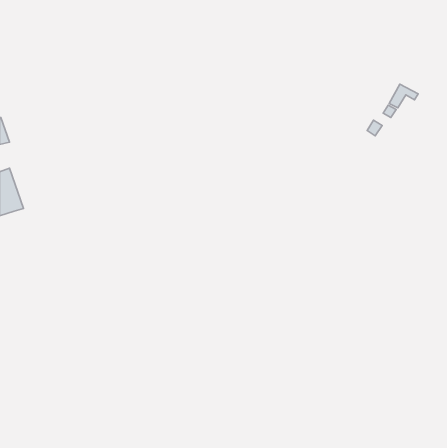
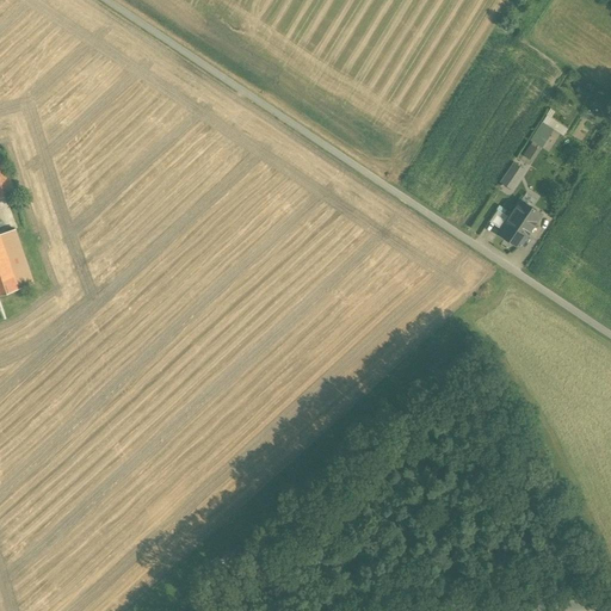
building: none -> [496,200,538,247]

